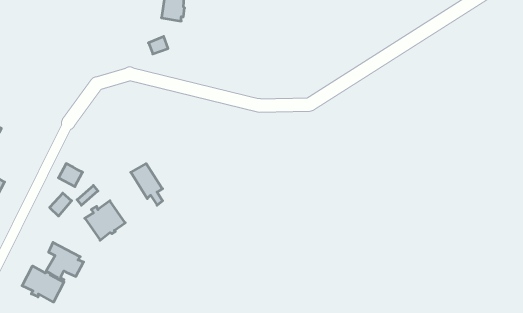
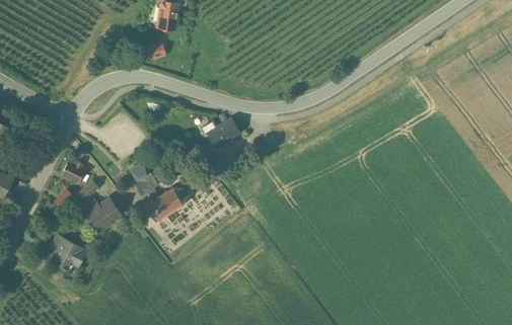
building: none -> [202,112,240,148]
building: none -> [143,185,185,222]
building: [22,266,64,302] -> none

